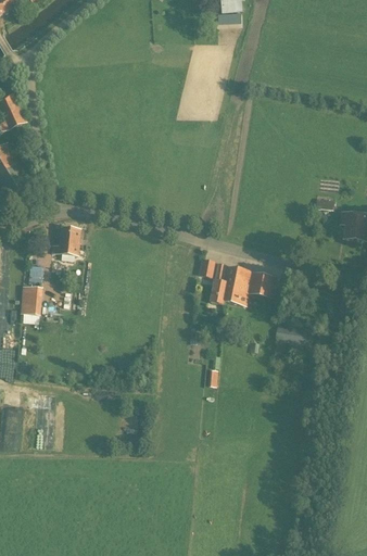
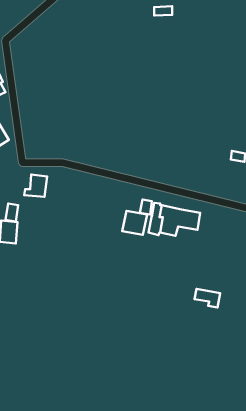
building: none -> [122,211,147,235]
building: [275,325,307,349] -> [195,289,220,308]

